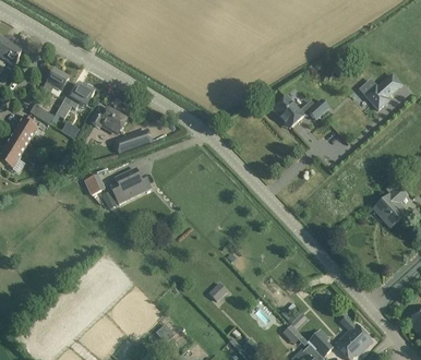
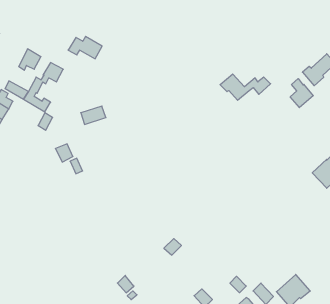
building: none -> [290,79,313,108]
building: [88,105,127,130] -> [68,36,102,59]
building: [109,165,149,201] -> none

